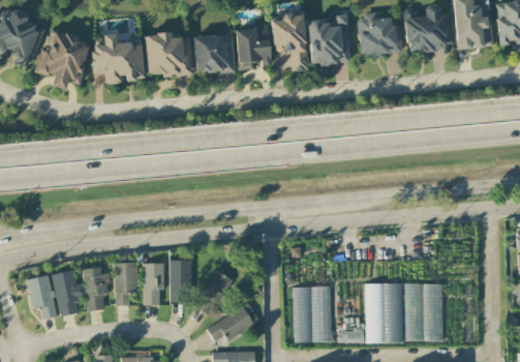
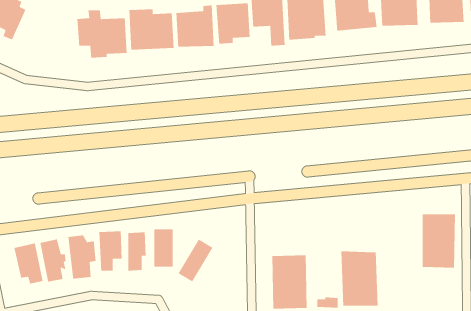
building: [37,32,89,89] -> none
building: [405,284,440,341] -> [422,213,456,268]
building: [208,302,262,341] -> none

